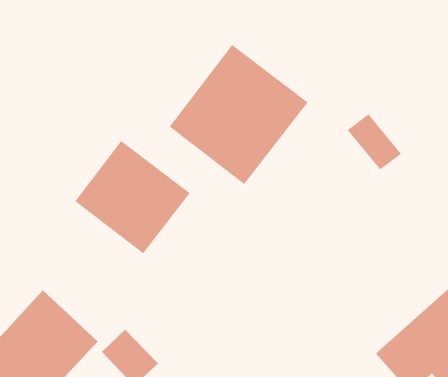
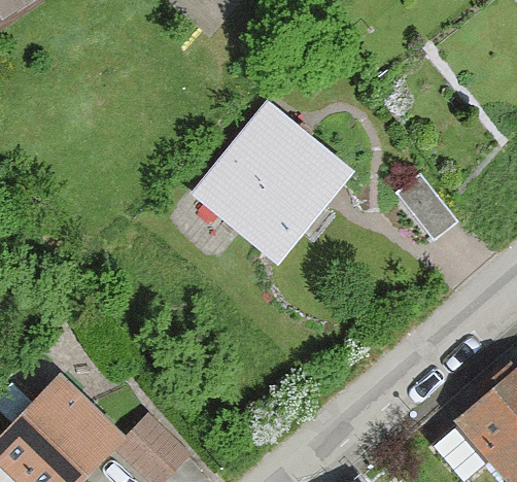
building: [75,140,191,254] -> none

